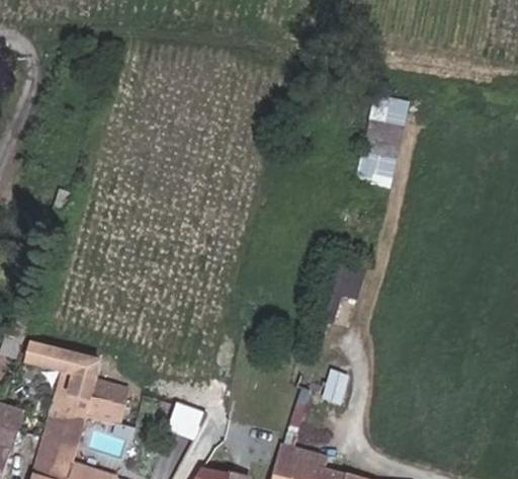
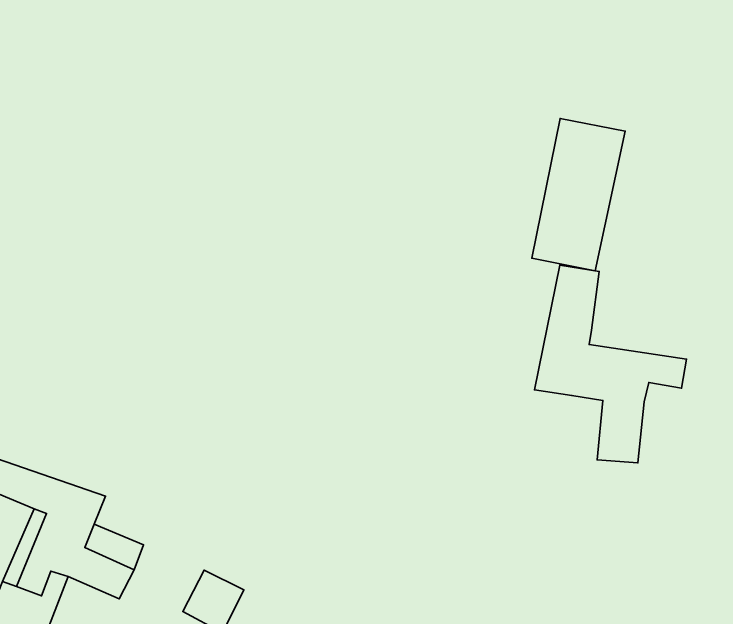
building: none -> [535,265,686,463]

